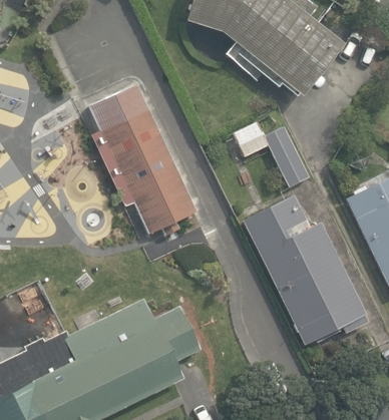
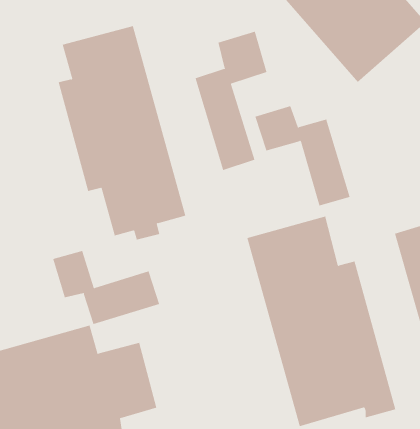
building: none -> [195,31,267,171]
building: none -> [52,250,160,325]

